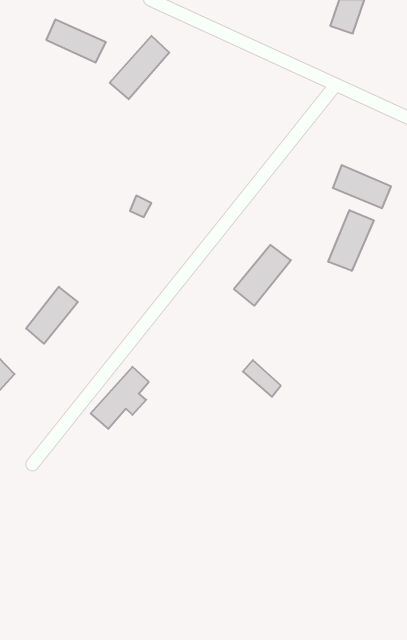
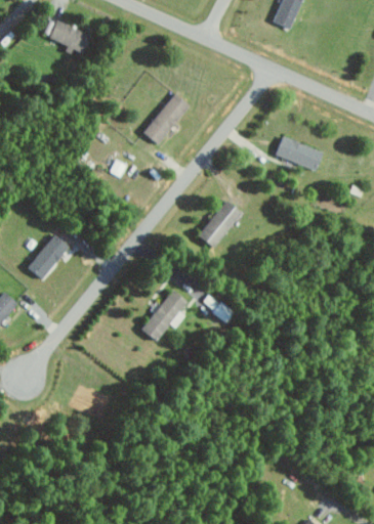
building: [110,36,169,99] -> [142,93,191,144]
building: [328,210,374,271] -> none
building: [91,367,149,429] -> [141,290,189,340]

